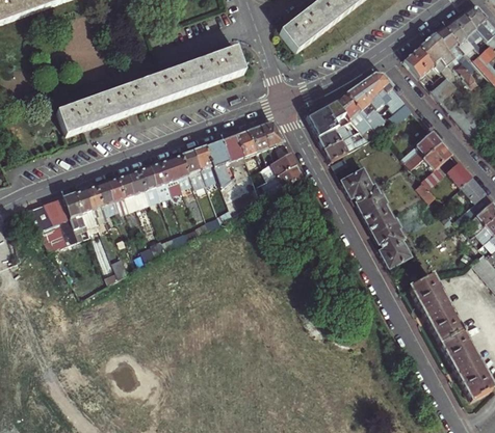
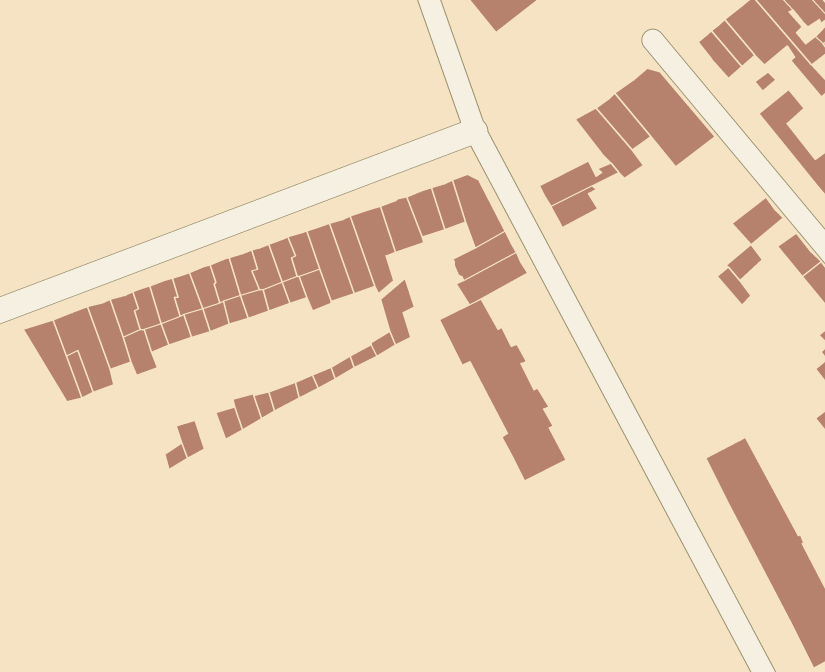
building: [53,46,238,134] -> none
building: [306,98,351,134] -> none
building: [405,129,442,166] -> none
building: [340,165,410,265] -> [440,299,566,481]

